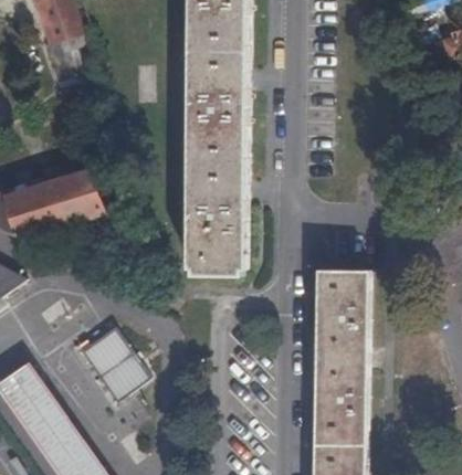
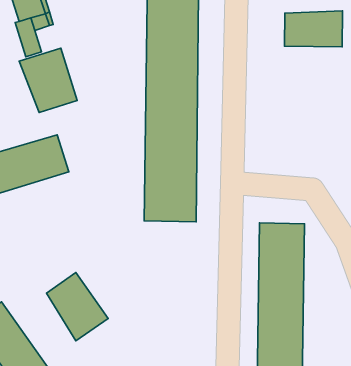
building: none -> [285,11,342,47]
building: none -> [19,48,77,113]

